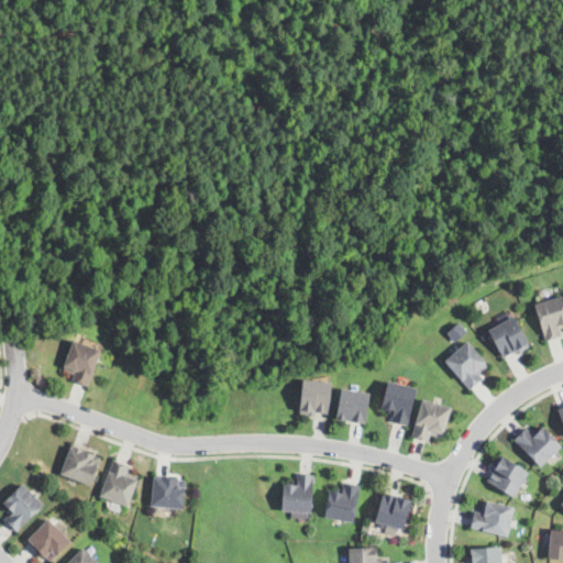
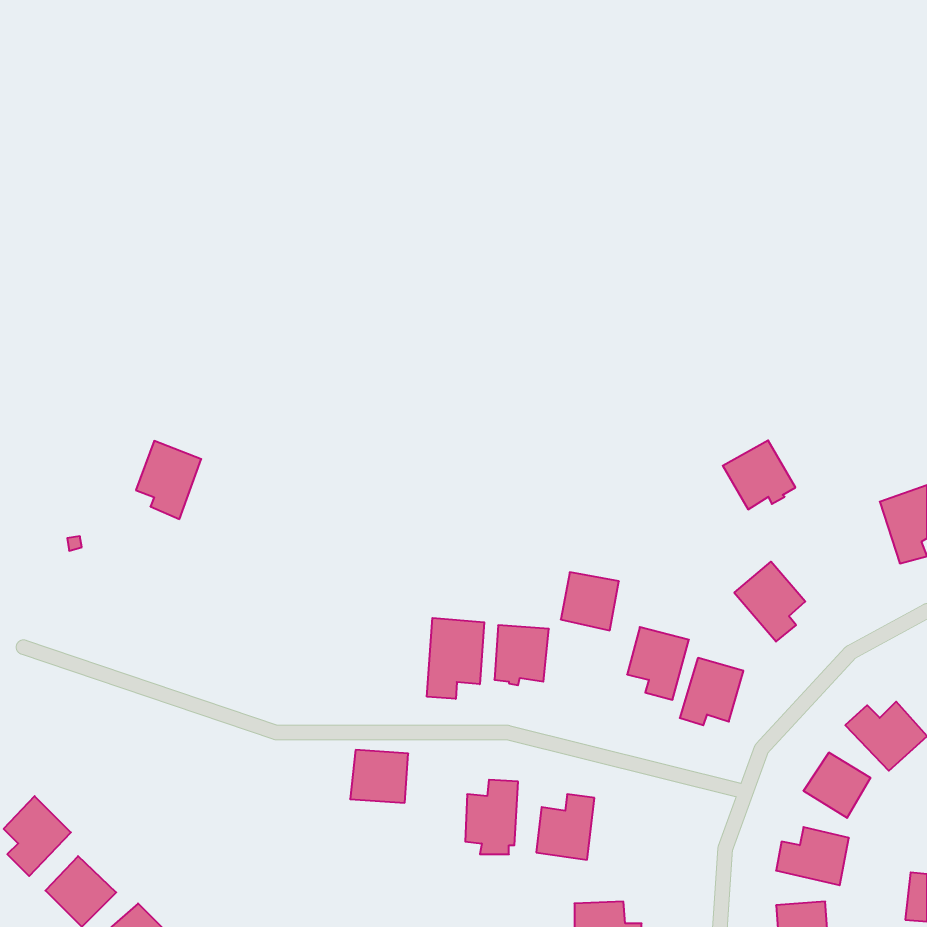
building: [486,317,530,358] -> [723,440,795,509]
building: [62,340,101,387] -> [136,441,201,519]
building: none -> [427,618,484,699]
building: [335,388,371,423] -> [561,572,619,630]
building: [59,444,101,485] -> none
building: [100,460,137,506] -> none
building: [151,476,186,508] -> [350,750,408,803]
building: [375,494,410,529] -> none

